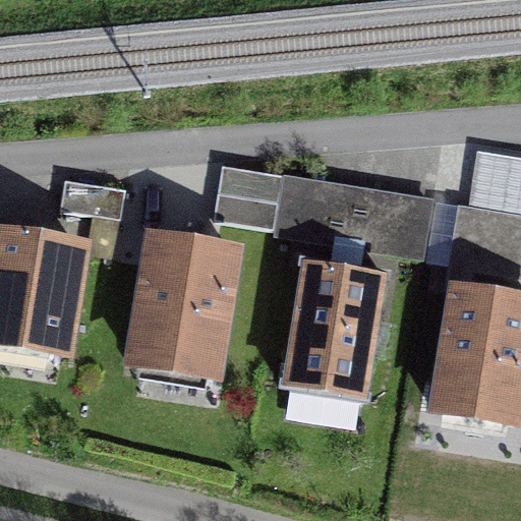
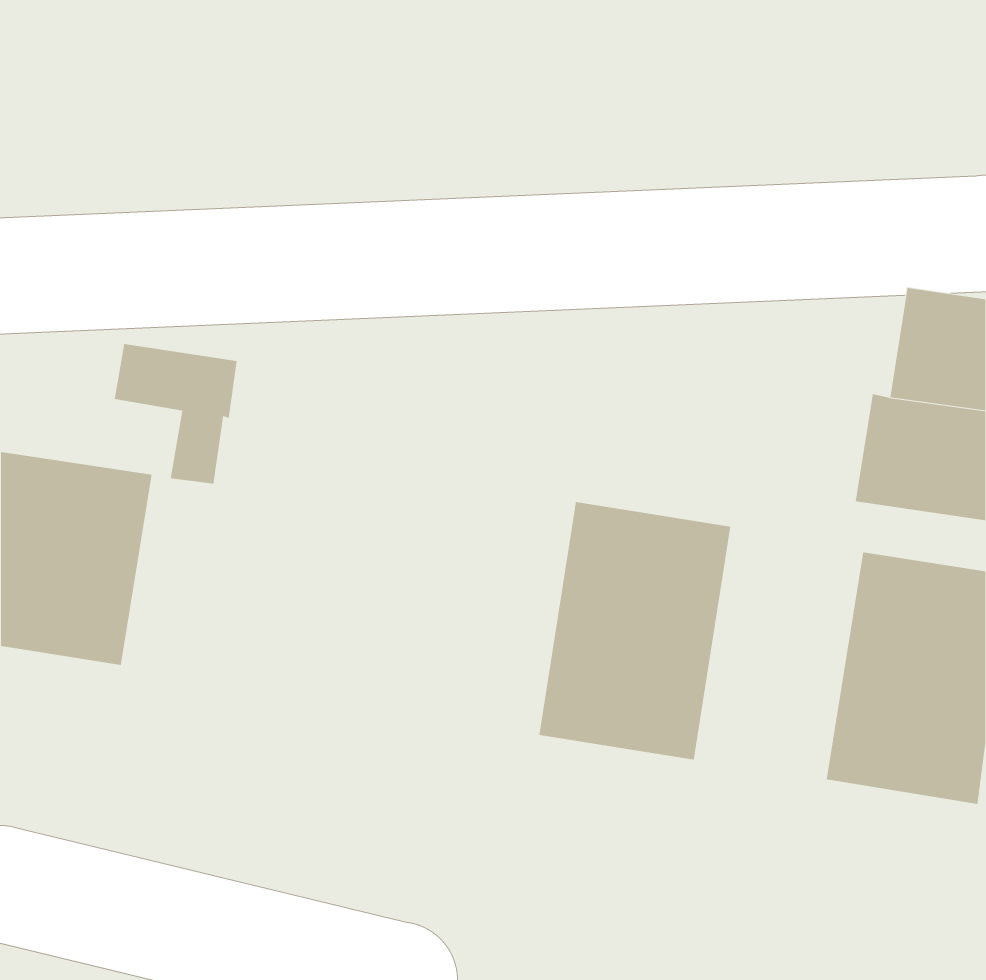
building: [214,167,283,231] -> none
building: [282,175,430,255] -> none
building: [134,242,234,375] -> none

